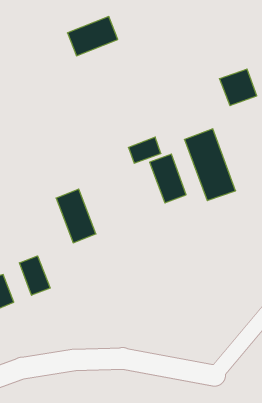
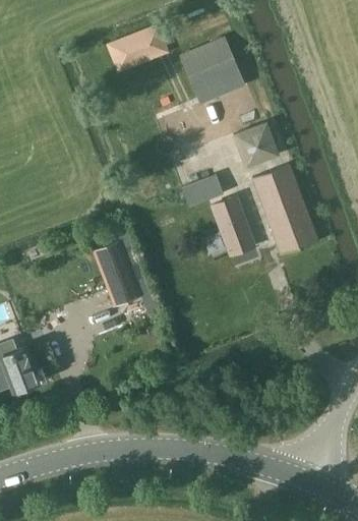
building: none -> [179,38,246,105]
building: [219,69,257,106] -> [232,121,279,167]
building: [19,256,50,295] -> none

